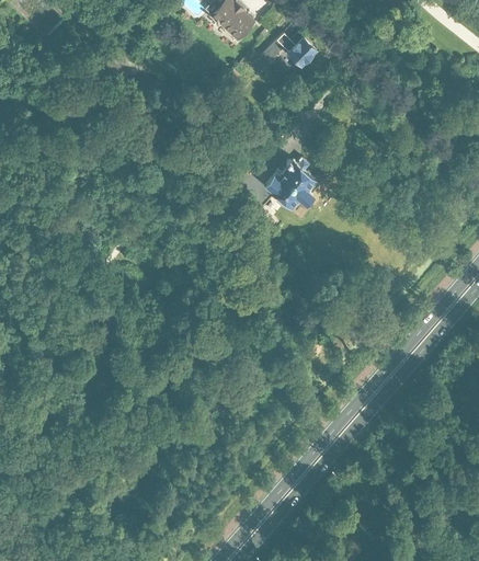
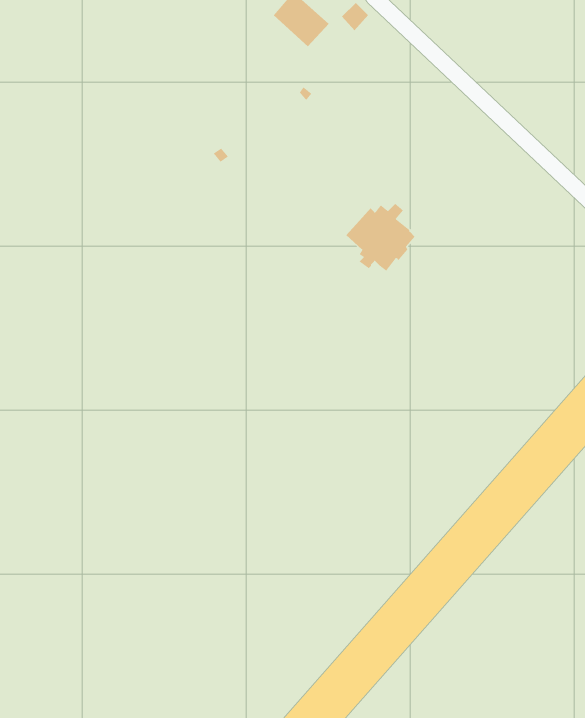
building: [260,32,315,65] -> none

